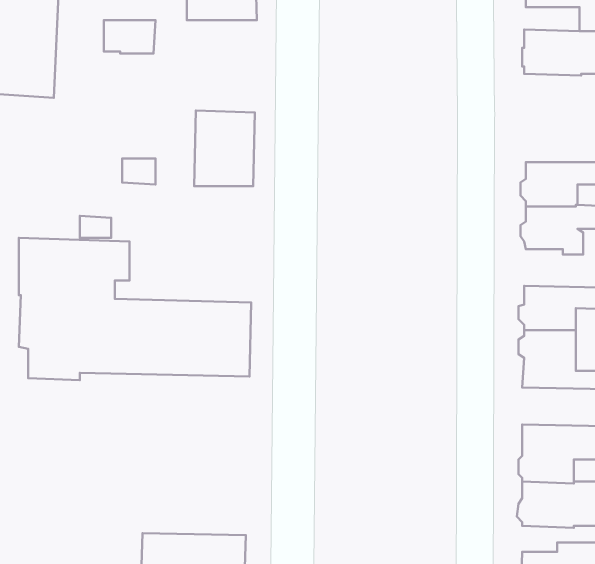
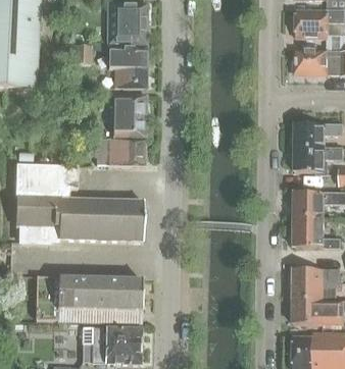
building: none -> [103,46,146,87]
building: none -> [97,138,145,164]
building: none -> [36,276,142,322]

